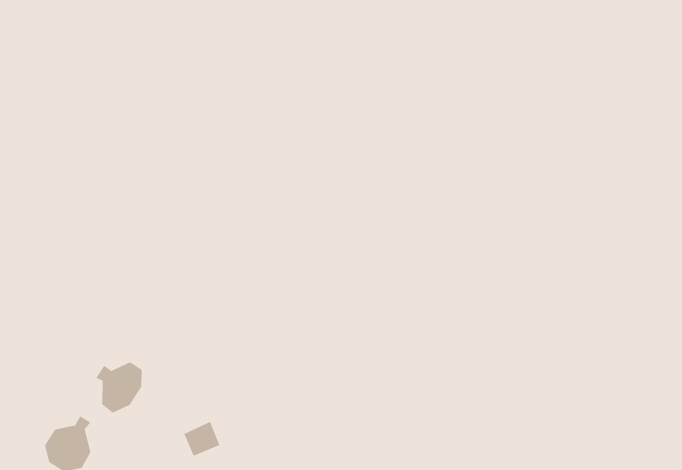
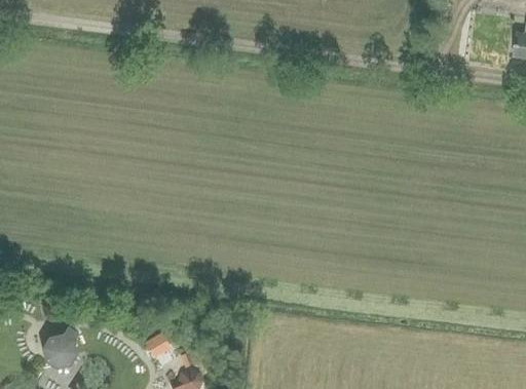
building: [96,361,142,413] -> none

